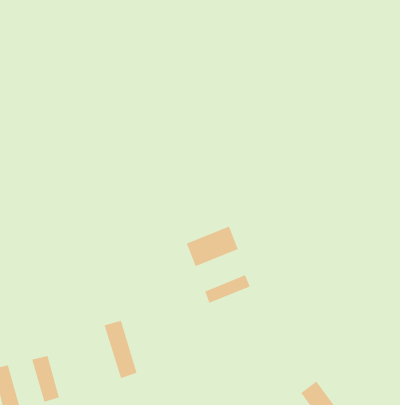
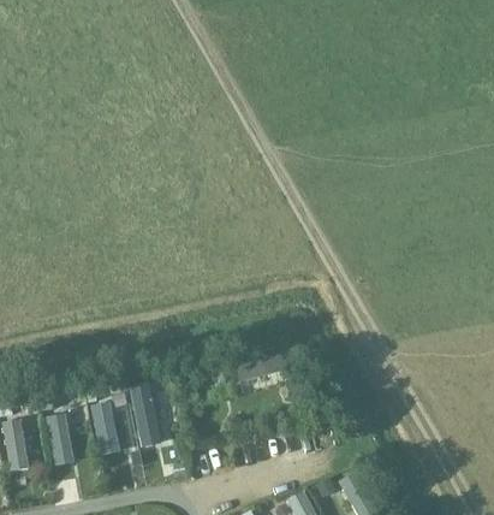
building: [186,225,239,267] -> none
building: none -> [91,403,121,456]

